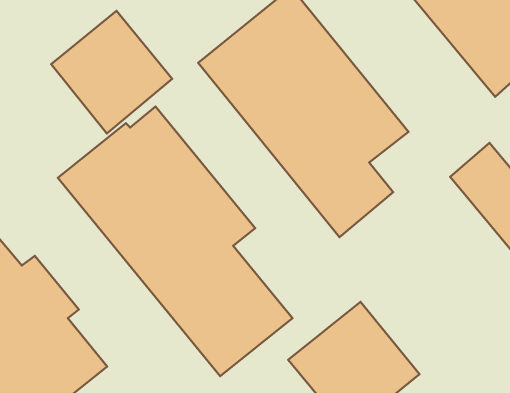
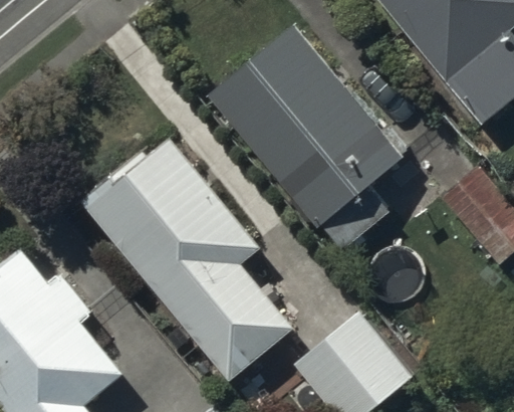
building: [51,11,172,133] -> none

